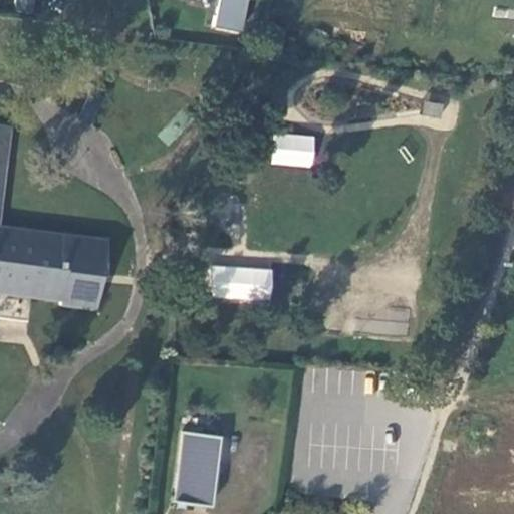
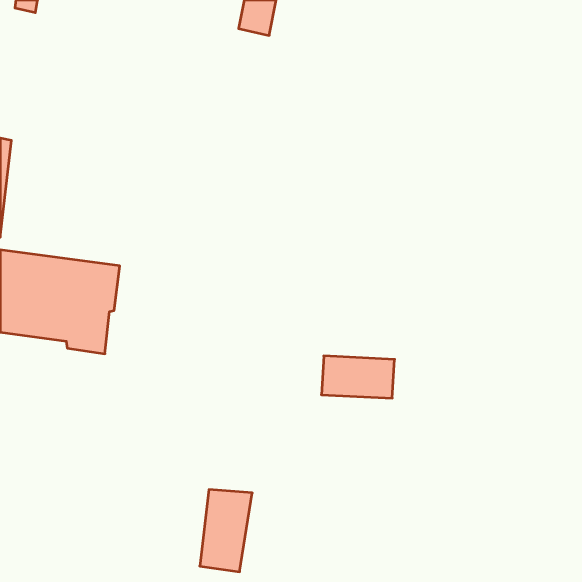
building: [271,133,316,169] -> none
building: [210,265,274,302] -> [321,356,395,398]

